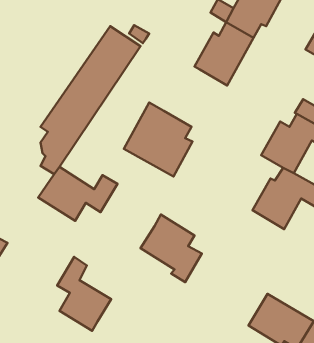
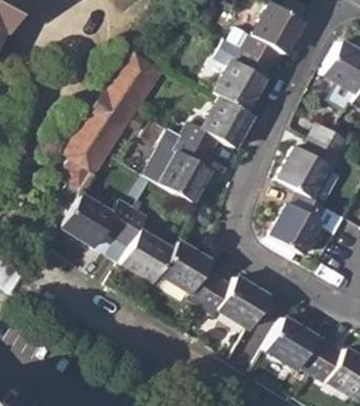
building: none -> [185,97,254,153]
building: none -> [206,277,273,328]
building: [57,257,111,331] -> [123,209,176,281]

